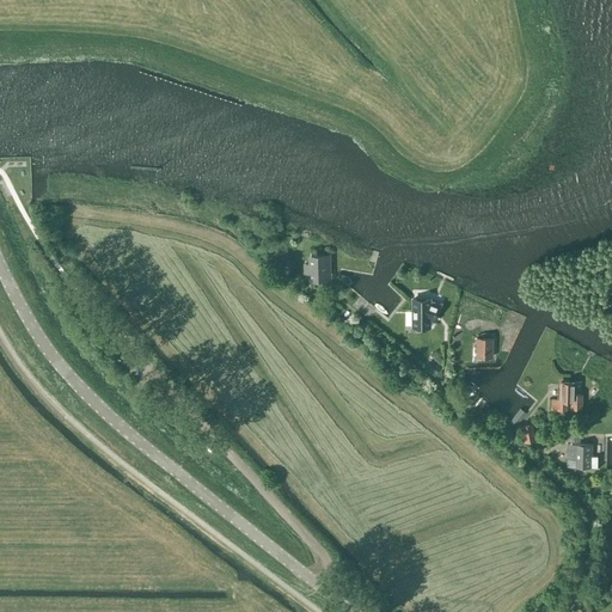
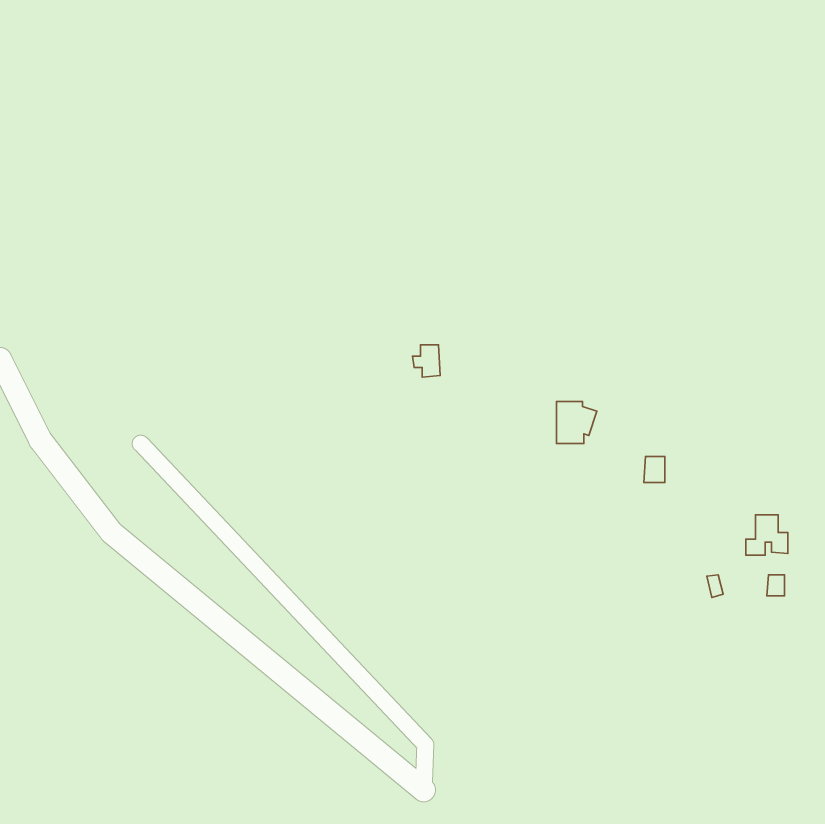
building: [568,445,593,469] -> none

